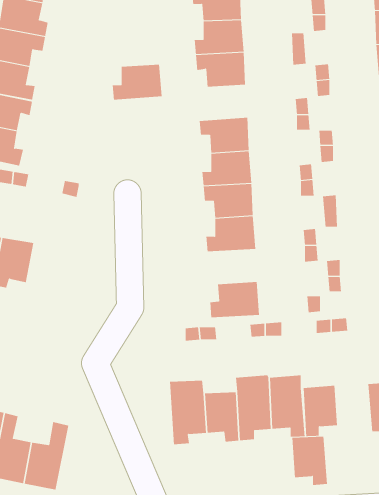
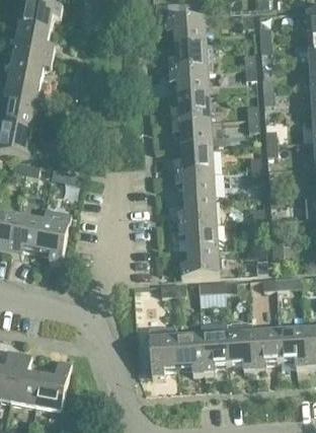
building: [112,64,162,100] -> [171,94,211,123]
building: none -> [37,218,69,262]
building: none -> [178,223,218,250]
building: [292,436,328,486] -> [279,329,307,367]

